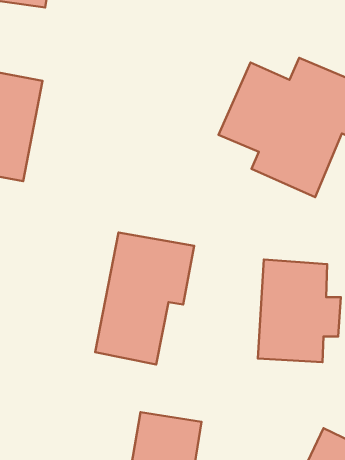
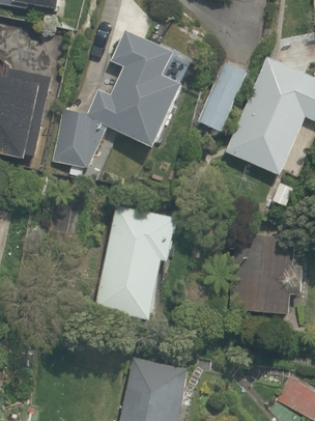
building: none -> [59,32,179,171]

